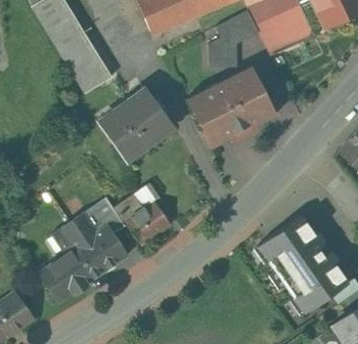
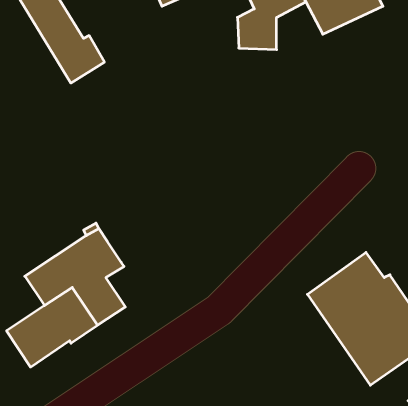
building: [187,67,275,147] -> none
building: [101,88,173,161] -> none
building: [113,193,170,245] -> none

